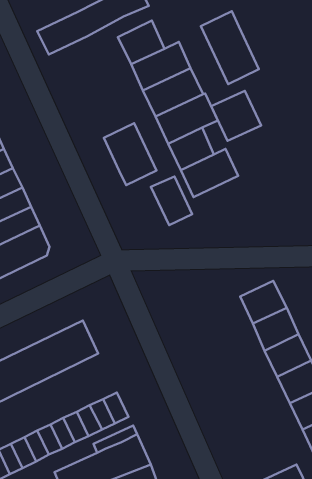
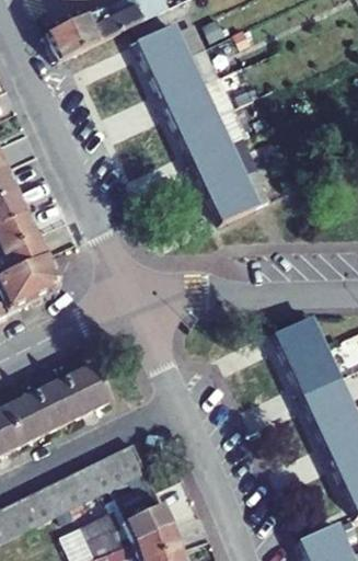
building: [201,11,259,84] -> none
building: [211,91,261,141] -> none
building: [104,123,156,185] -> none
building: [151,177,192,225] -> none

